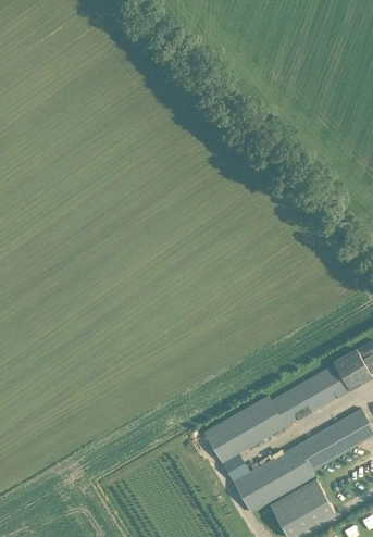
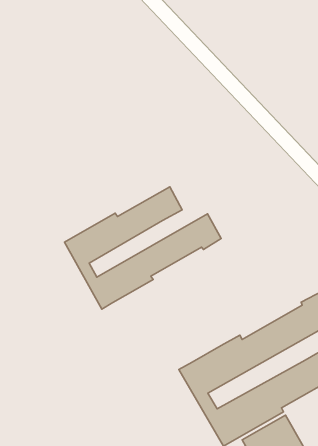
building: none -> [65,187,221,309]

